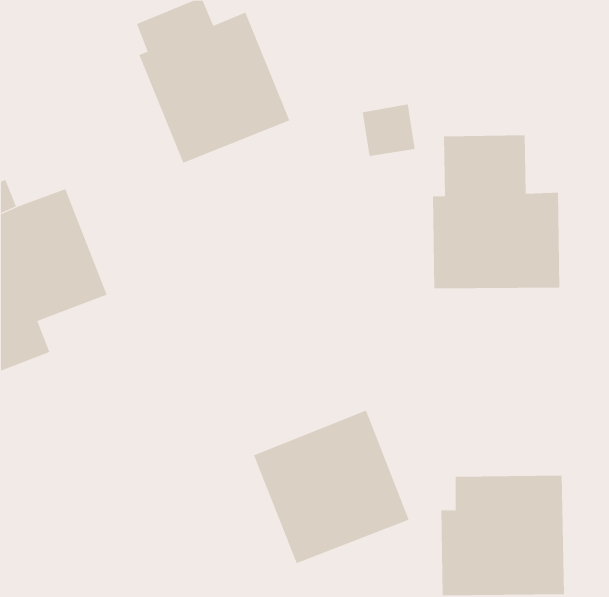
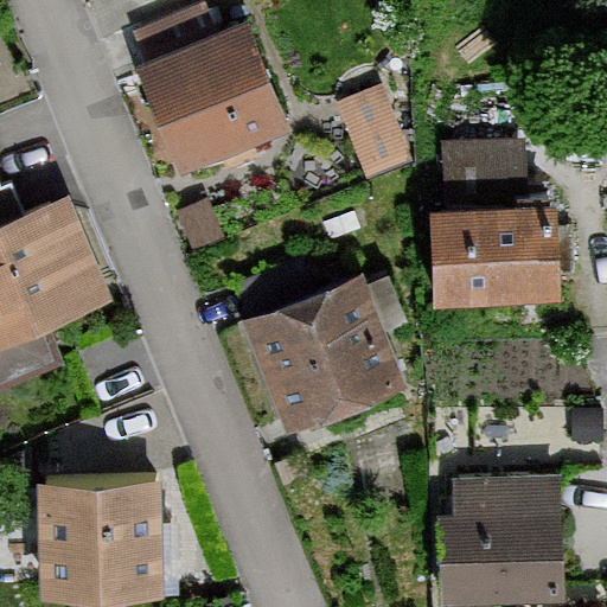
building: [253,410,409,564] -> [249,280,404,433]
building: none -> [39,483,161,596]

